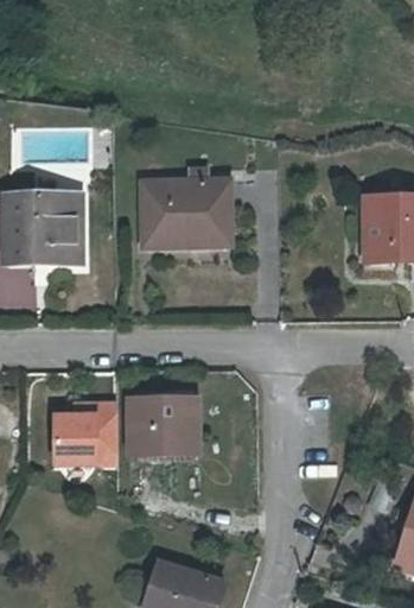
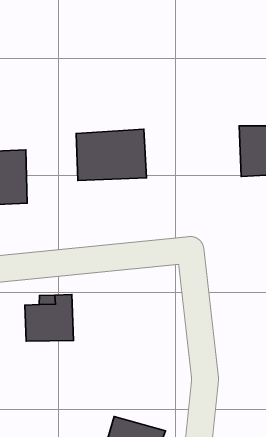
building: [129,400,197,455] -> none

